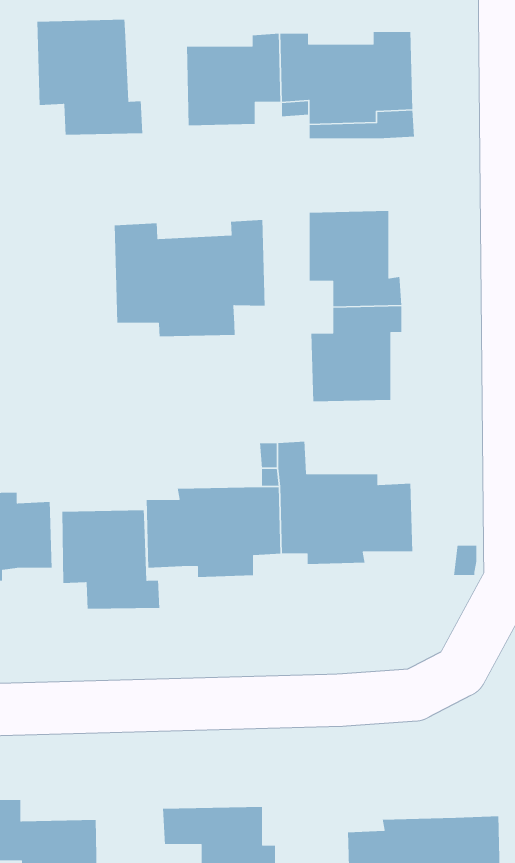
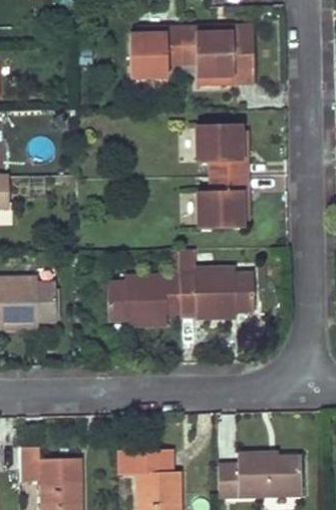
building: [37,19,143,136] -> none
building: [114,219,265,337] -> none
building: [62,510,160,609] -> none

